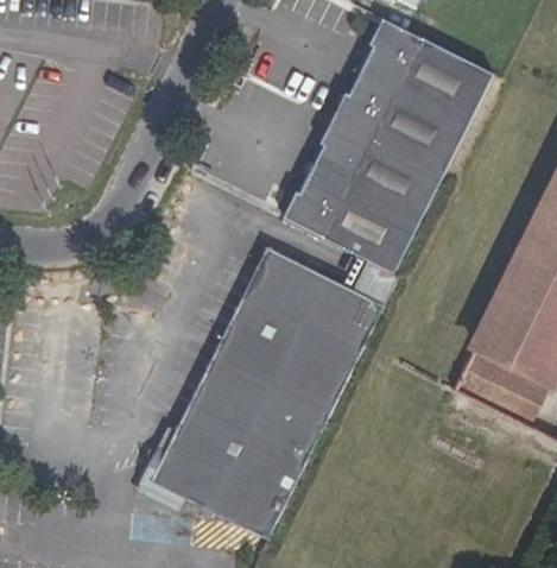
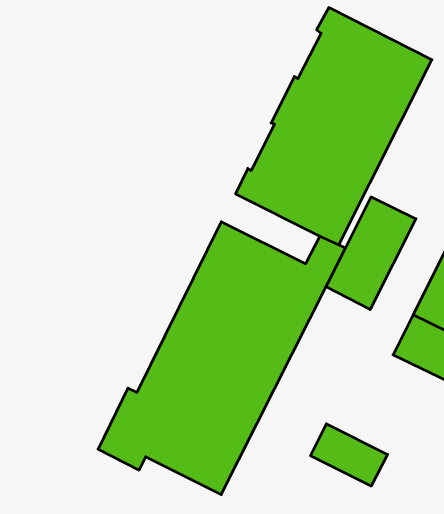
building: none -> [326,197,416,310]
building: none -> [311,424,388,486]

